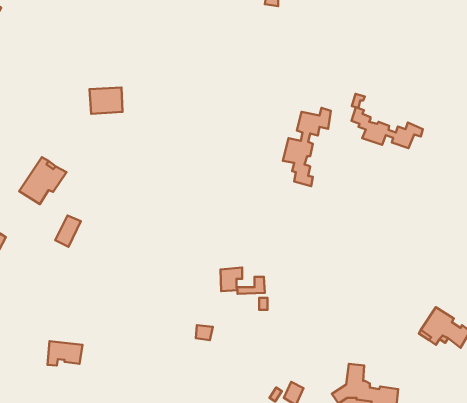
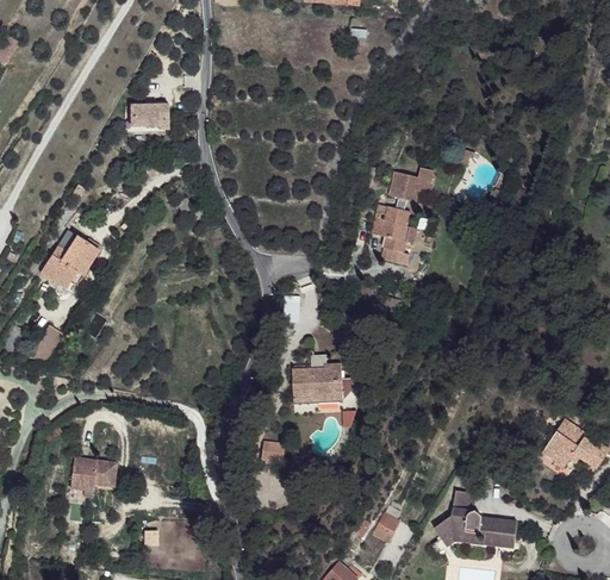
building: [89,87,122,114] -> [126,98,168,131]
building: [351,107,423,148] -> none
building: [55,216,81,247] -> [30,323,62,362]
building: none -> [313,363,342,394]

